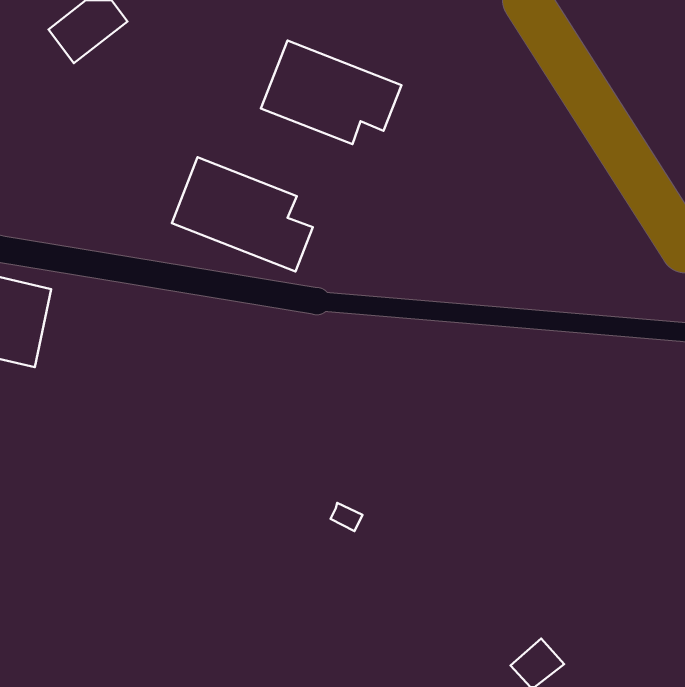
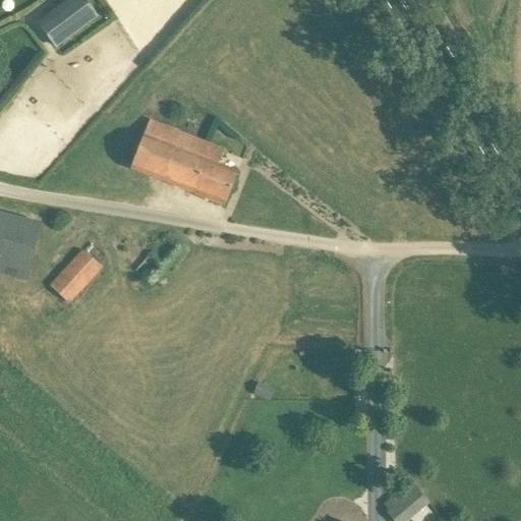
building: [261,41,401,144] -> none
building: none -> [48,247,102,302]

